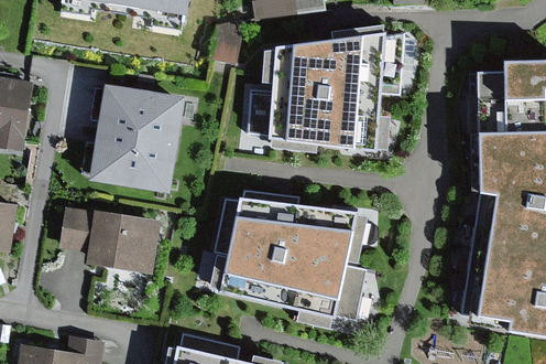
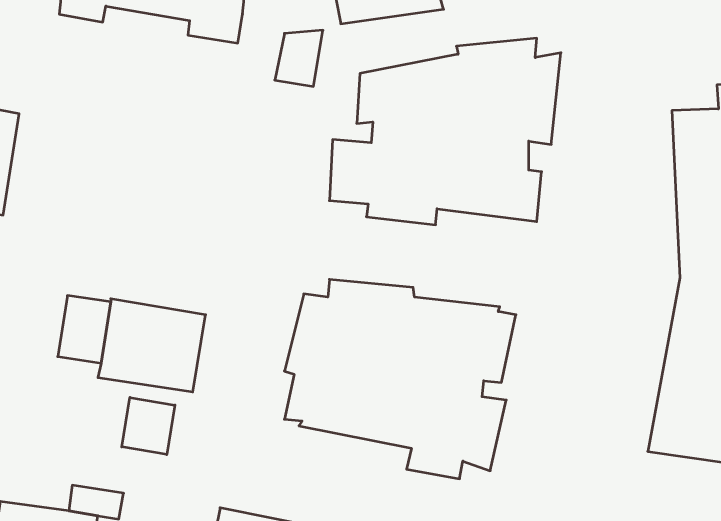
building: [81,77,189,191] -> none
building: none -> [122,397,175,455]

